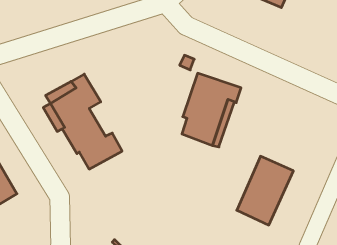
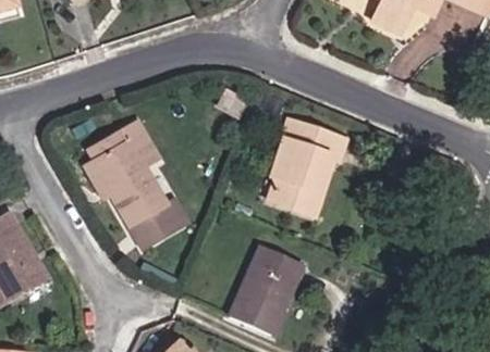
building: [237,156,293,225] -> [229,244,304,336]

